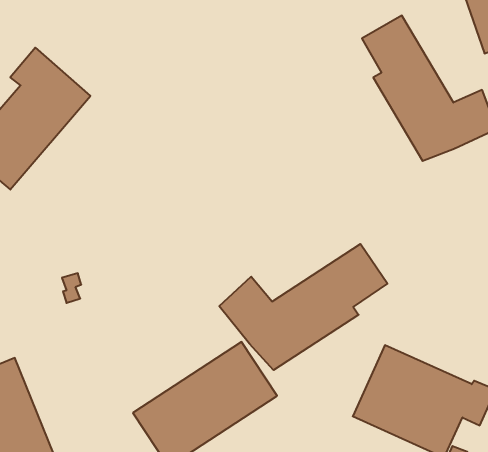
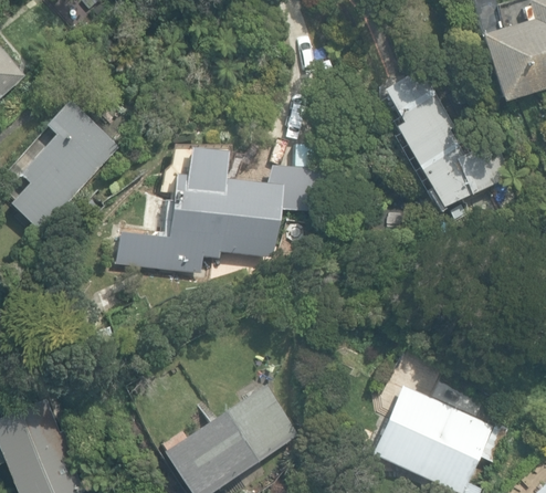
building: none -> [117,146,332,275]
building: [219,244,387,370] -> none

